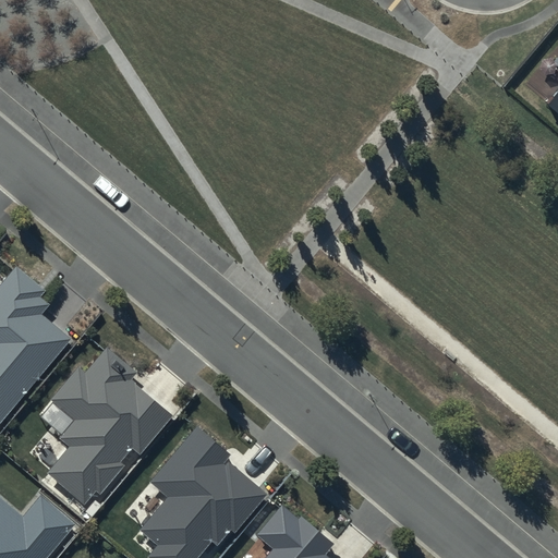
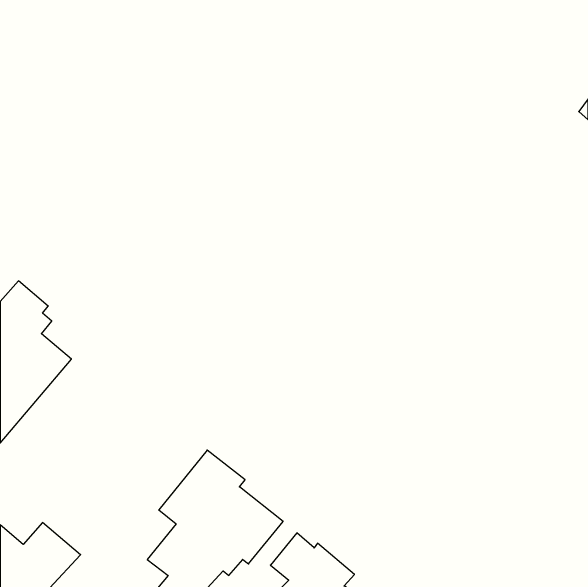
building: [46,348,173,507] -> none

